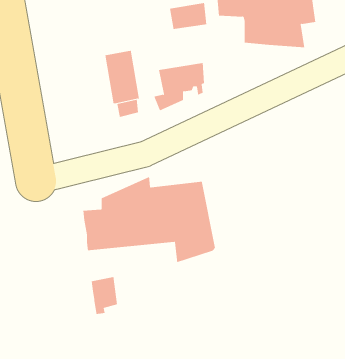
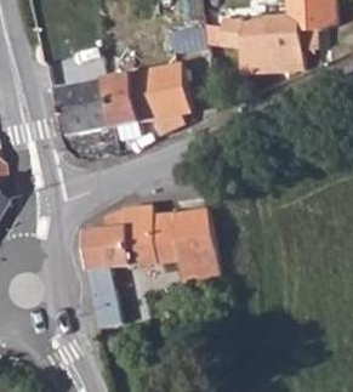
building: none -> [136,59,207,121]
building: none -> [62,78,118,135]

